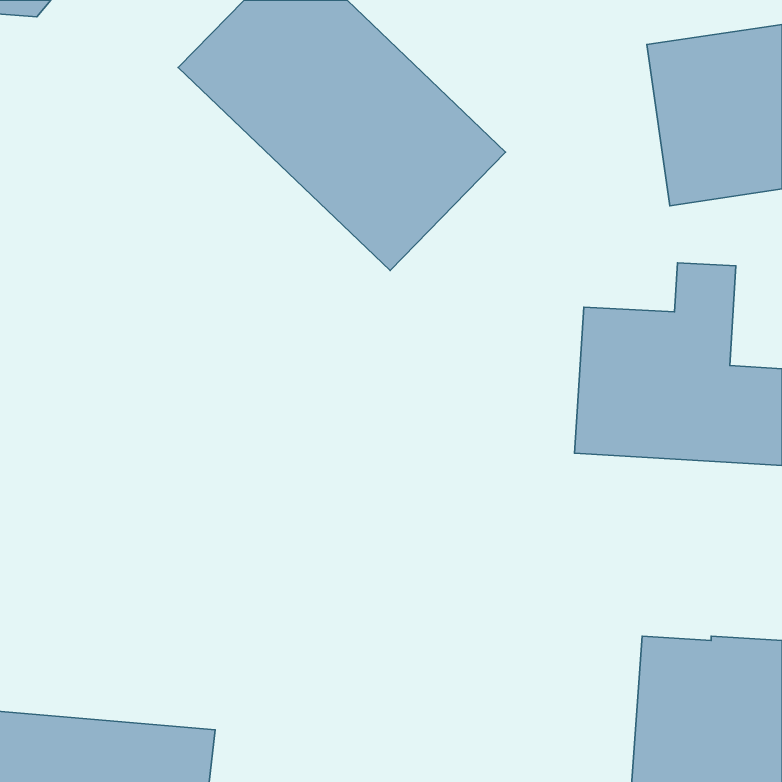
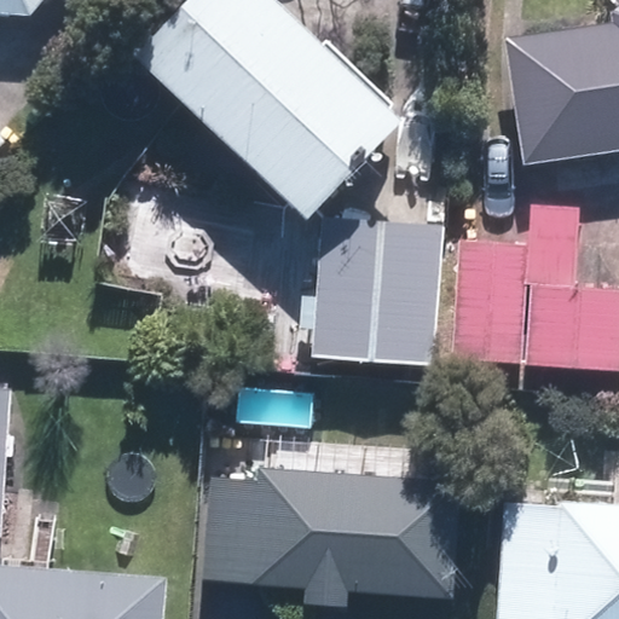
building: none -> [316,220,436,360]
building: none -> [206,464,463,600]

